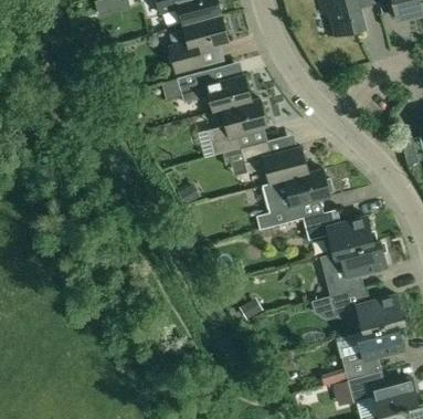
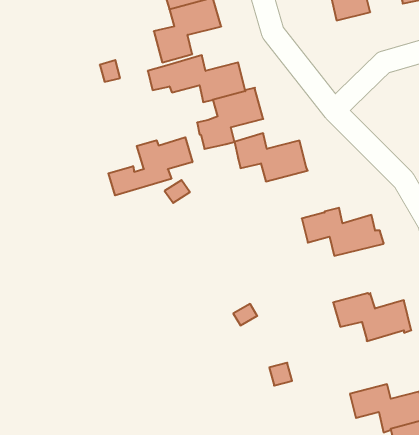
building: none -> [108,137,192,195]
building: [262,168,332,227] -> none
building: [319,240,387,297] -> none
building: [321,322,403,385] -> none

